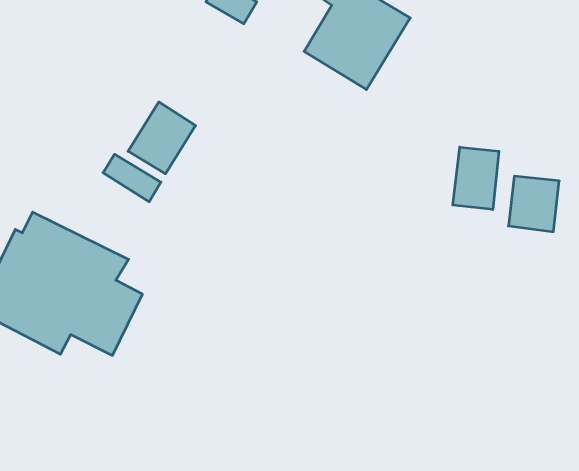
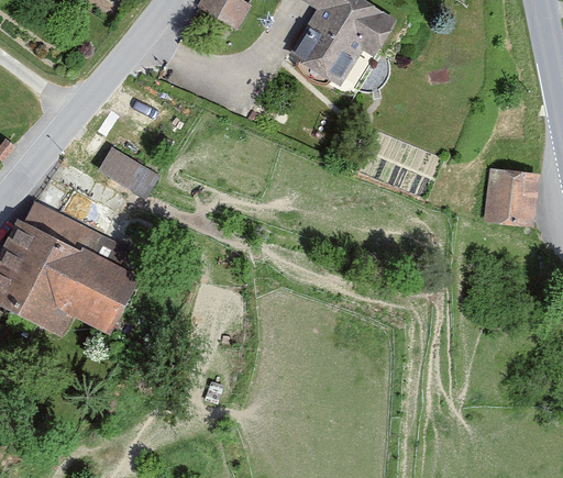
building: [128,102,196,174] -> none
building: [453,147,499,210] -> none

